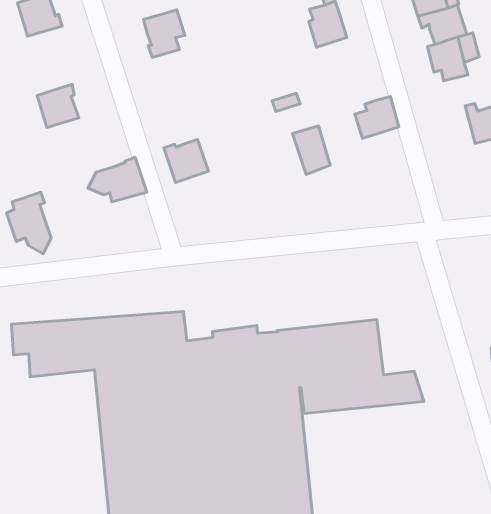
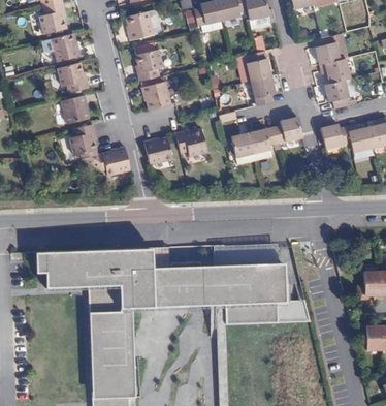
building: none -> [59,62,89,90]
building: none -> [251,74,276,105]
building: none -> [142,81,171,108]
building: none -> [321,123,351,148]
building: none -> [249,126,278,159]
building: none -> [176,128,207,155]
building: [7,192,51,254] -> [69,123,98,164]

